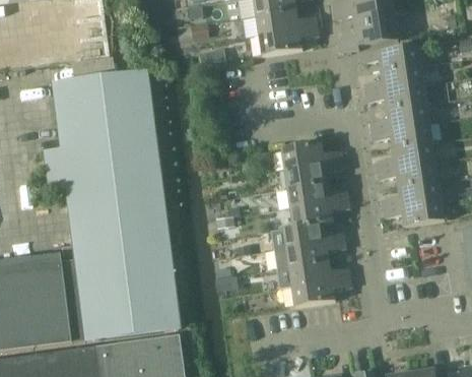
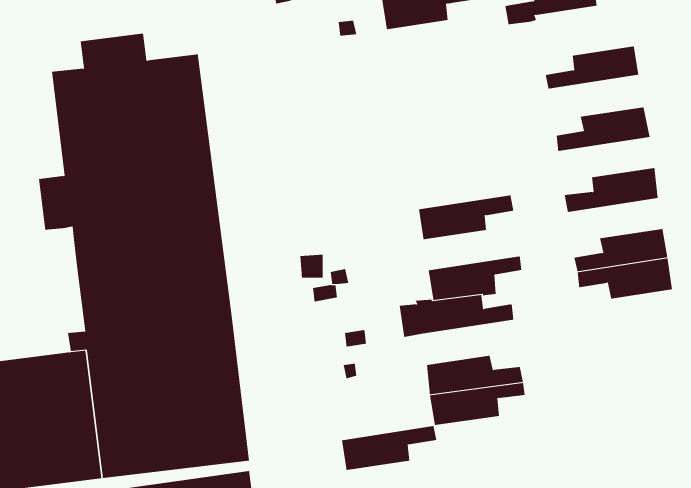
building: [360,45,421,71] -> none
building: [366,83,427,110] -> none
building: [373,123,434,148] -> none
building: [281,142,343,169] -> none
building: [379,162,440,187] -> none
building: [287,182,349,207] -> none
building: [286,239,347,267] -> [341,426,437,471]

